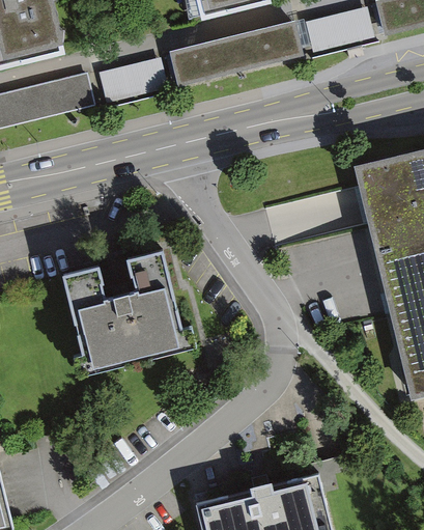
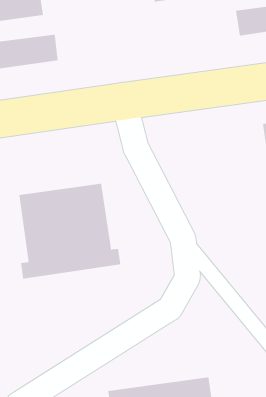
building: [168,19,302,84] -> none
building: [97,59,166,105] -> none

